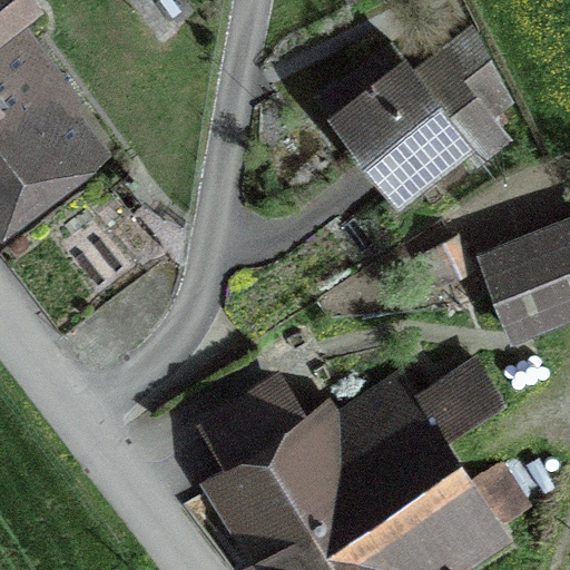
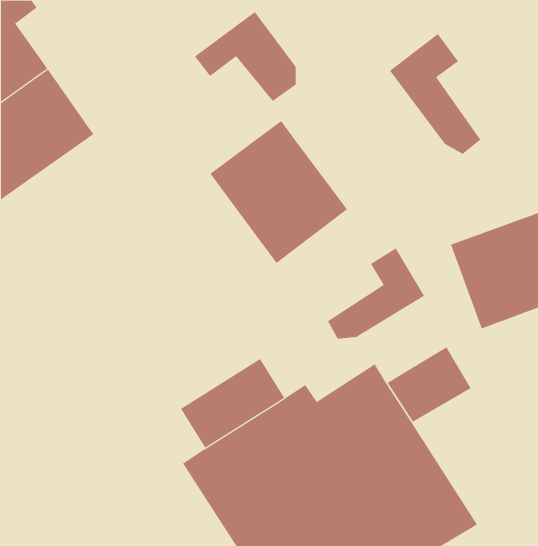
building: none -> [194,11,296,102]
building: [327,59,471,208] -> [210,120,348,264]
building: none -> [327,247,425,340]

